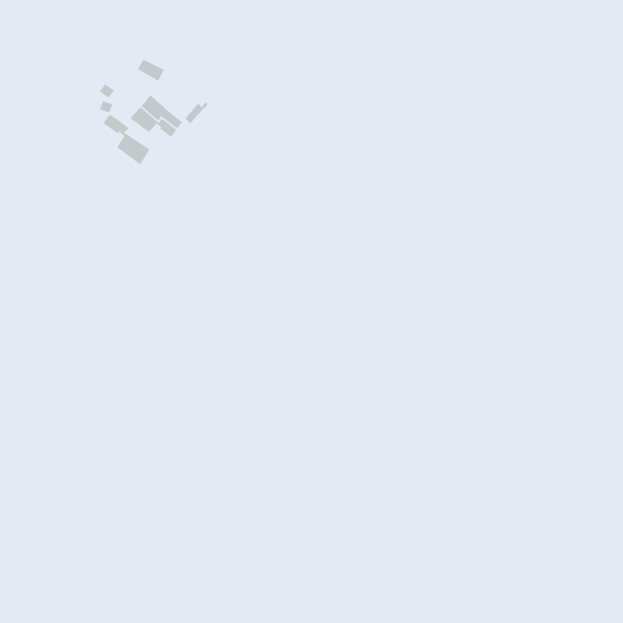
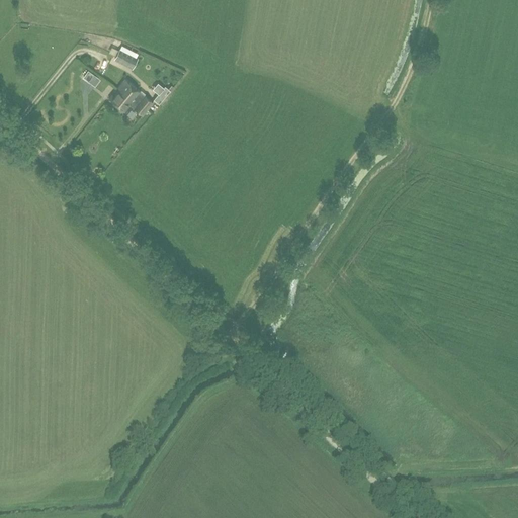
building: [102,114,151,166] -> none

